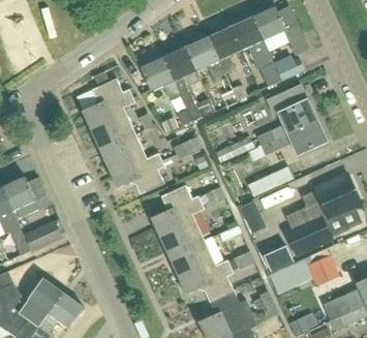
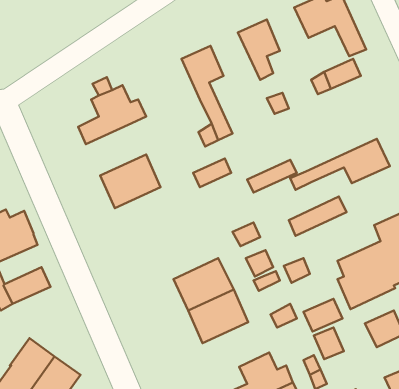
building: [231,17,274,69] -> none
building: [186,36,225,79] -> none
building: [141,57,180,98] -> none
building: [257,85,317,146] -> none
building: [88,107,135,149] -> none
building: [111,153,164,194] -> none
building: [151,184,205,231] -> none
building: [180,259,234,300] -> none

